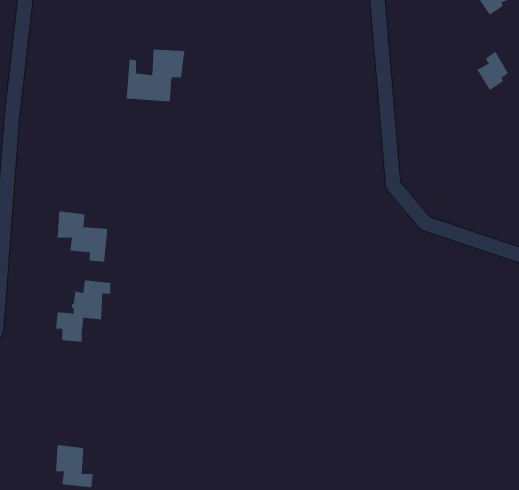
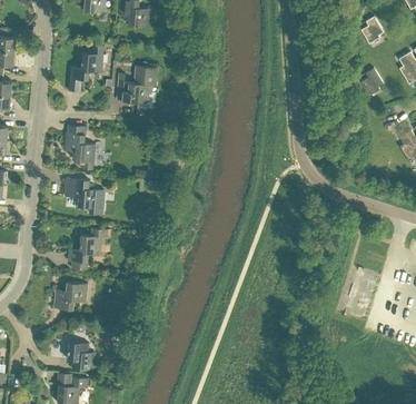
building: none -> [69,45,103,91]
building: none -> [65,125,96,169]
building: none -> [53,282,88,309]

